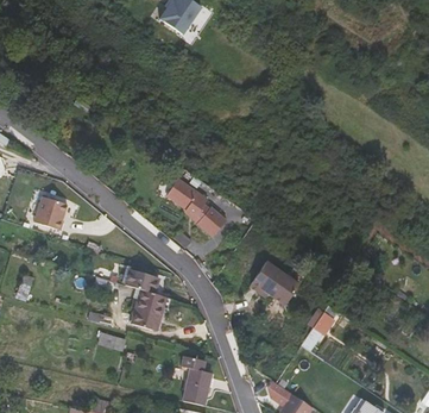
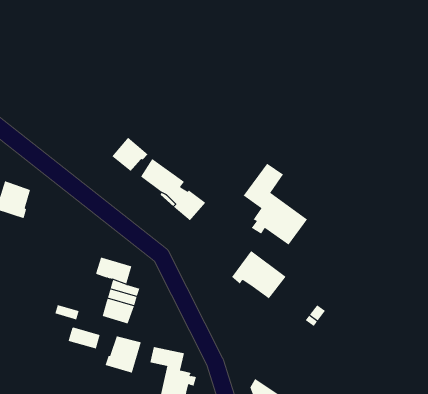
building: none -> [111,137,148,172]
building: none -> [243,163,308,245]
building: none -> [105,335,142,374]

